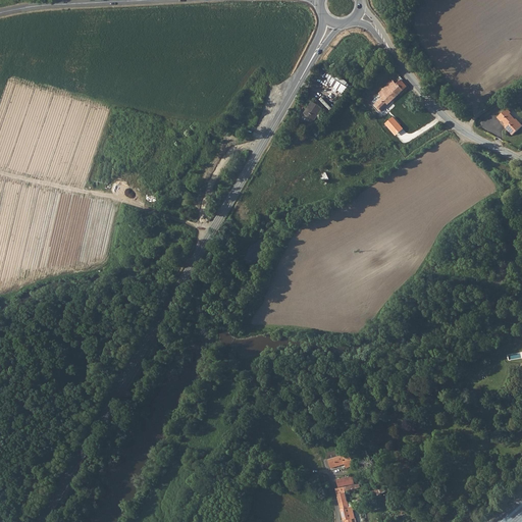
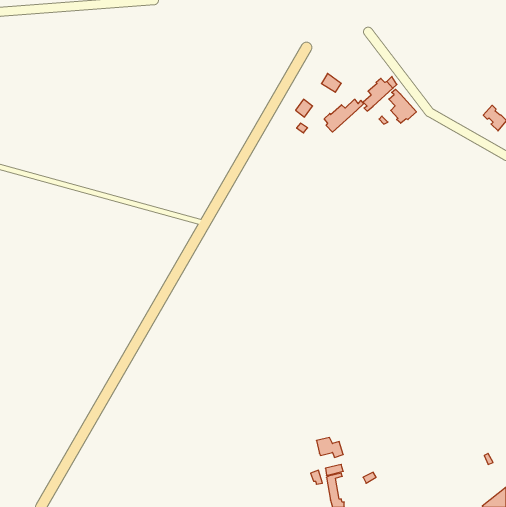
building: none -> [389,89,416,123]
building: none -> [324,99,364,132]

